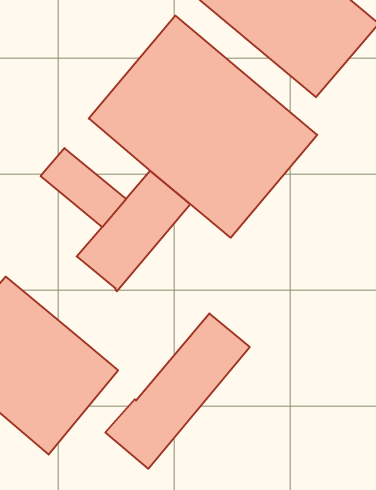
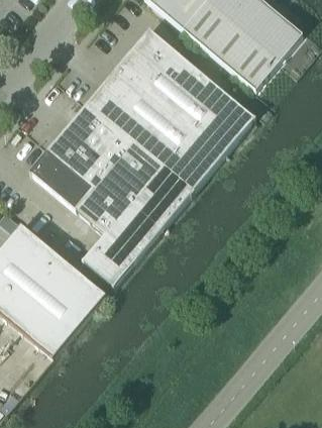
building: none -> [66,106,130,167]
building: none -> [29,149,94,210]
building: [105,313,250,469] -> [82,171,191,288]

